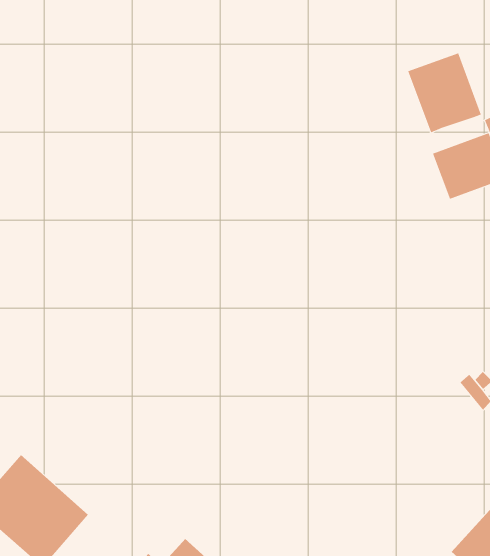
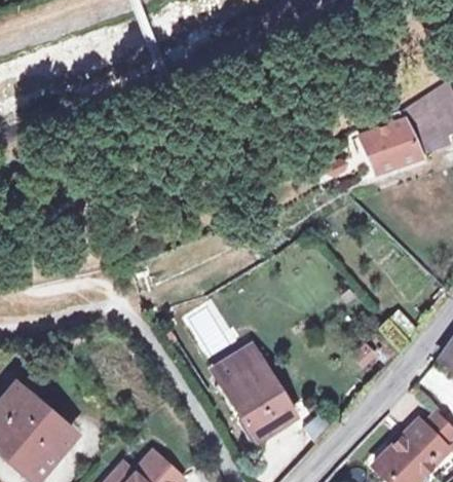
building: [408,52,481,133] -> none
building: none -> [214,349,293,438]

